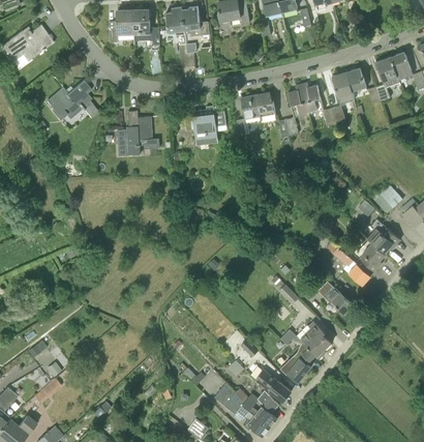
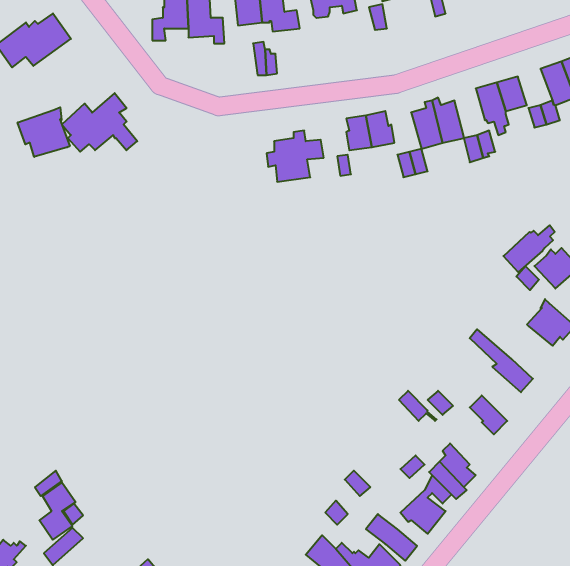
building: none -> [18,107,70,157]
building: [127,110,153,154] -> none
building: none -> [503,225,555,272]
building: [353,239,386,275] -> none

